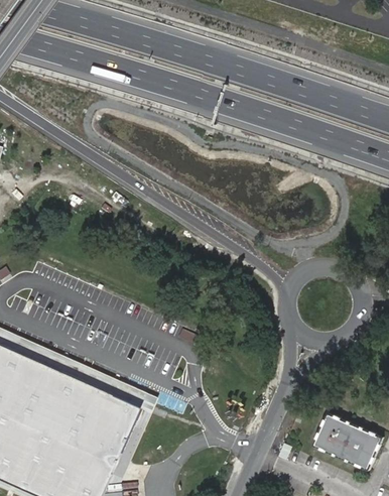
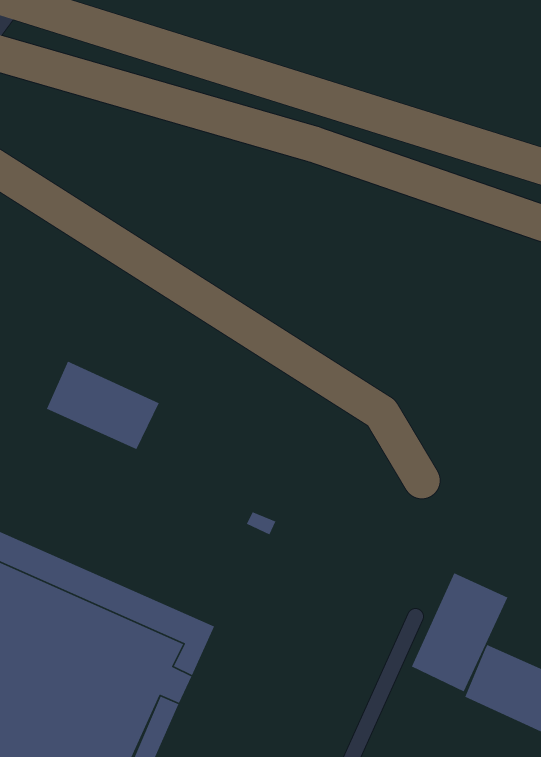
building: none -> [46,361,160,450]
building: none -> [411,572,508,693]

